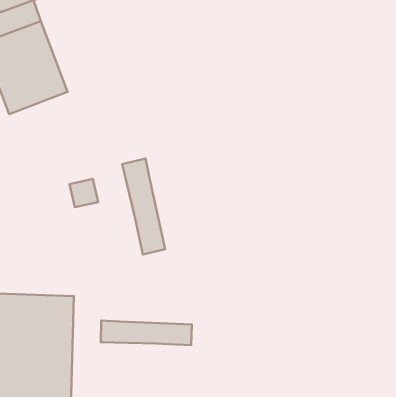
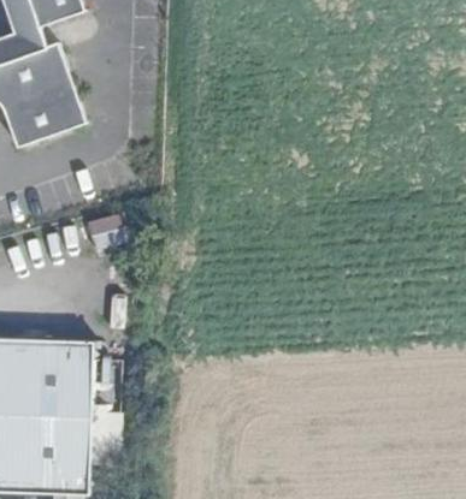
building: [122,158,165,254] -> none
building: [101,321,192,345] -> none

